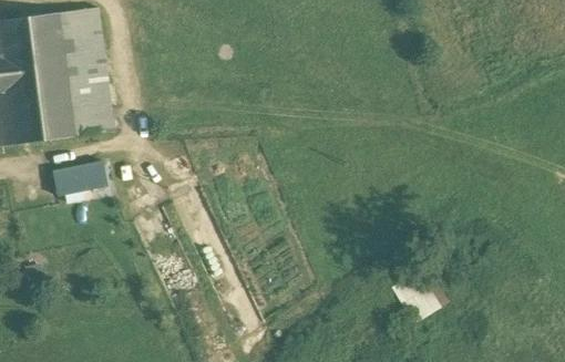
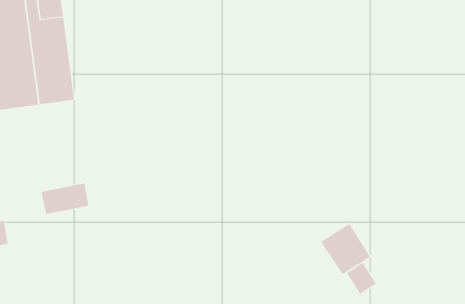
building: [52,159,106,195] -> [40,183,89,215]
building: none -> [346,262,376,295]

